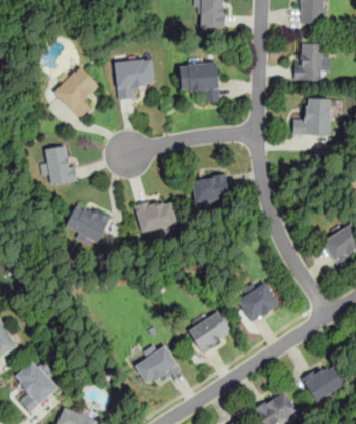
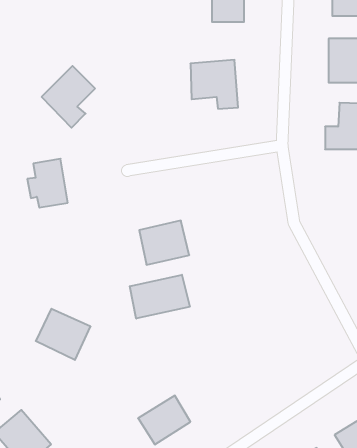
building: [113,58,154,101] -> none
building: [191,174,230,204] -> none
building: [63,201,109,245] -> [36,309,91,360]
building: none -> [130,275,190,319]
building: [236,282,279,324] -> none
building: [187,311,232,352] -> none

